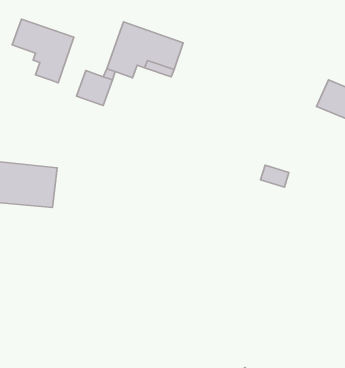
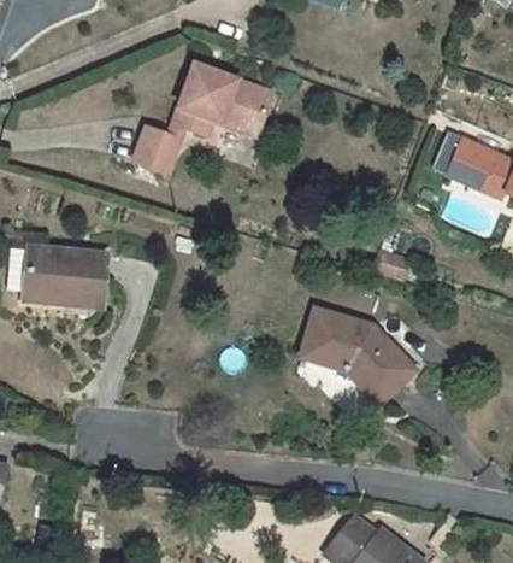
building: [12,19,74,83] -> none
building: none -> [302,309,414,403]

